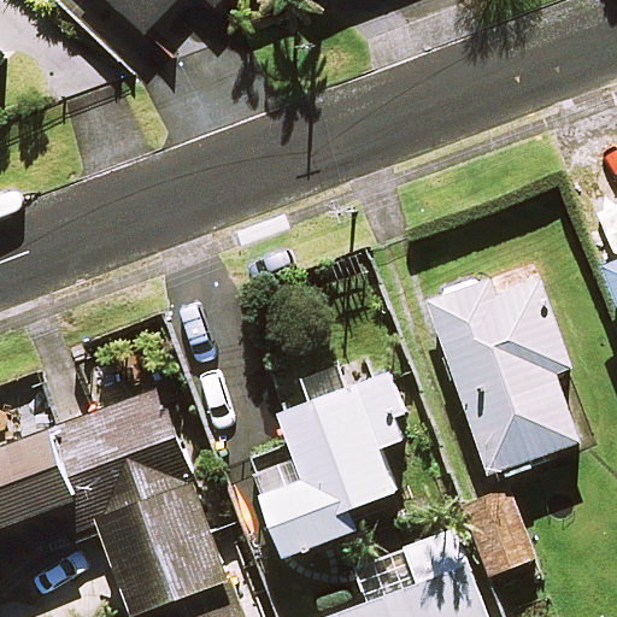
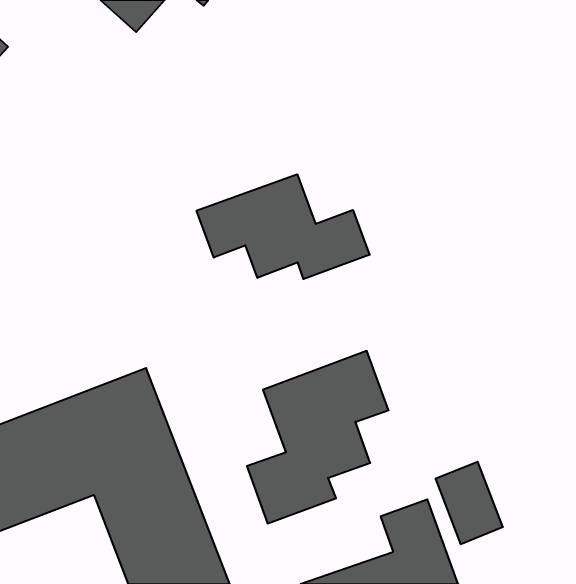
building: none -> [197,174,370,279]
building: [424,265,576,475] -> none

